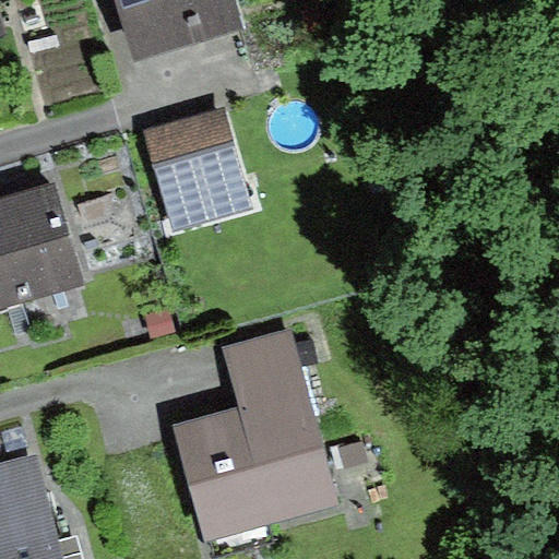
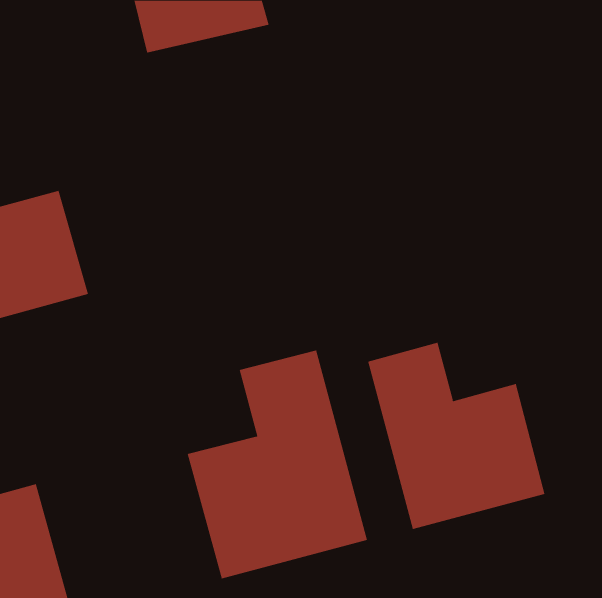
building: [144,110,251,233] -> none
building: none -> [368,342,545,530]

